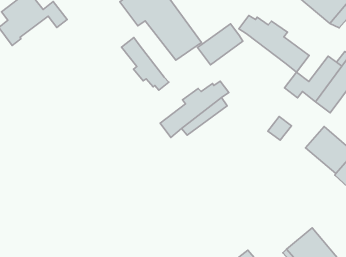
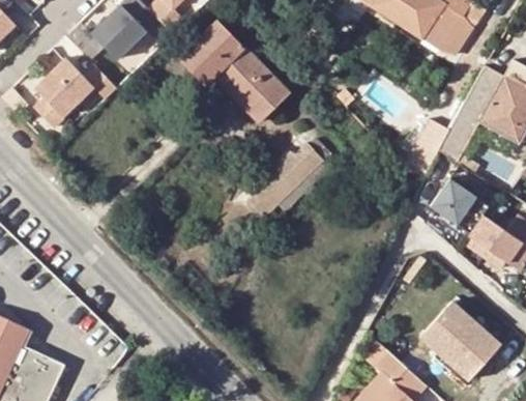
building: [239,15,309,72] -> none
building: [197,24,243,65] -> none
building: [122,37,169,90] -> none

